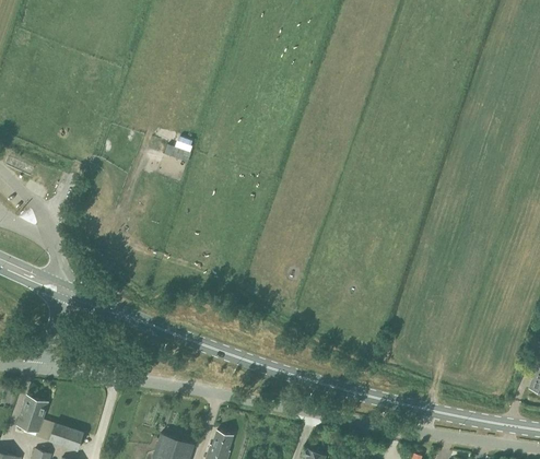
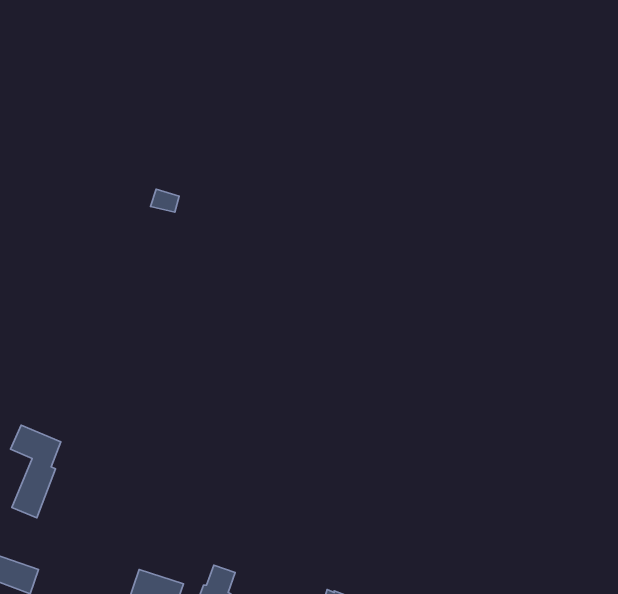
building: none -> [10,425,61,518]

